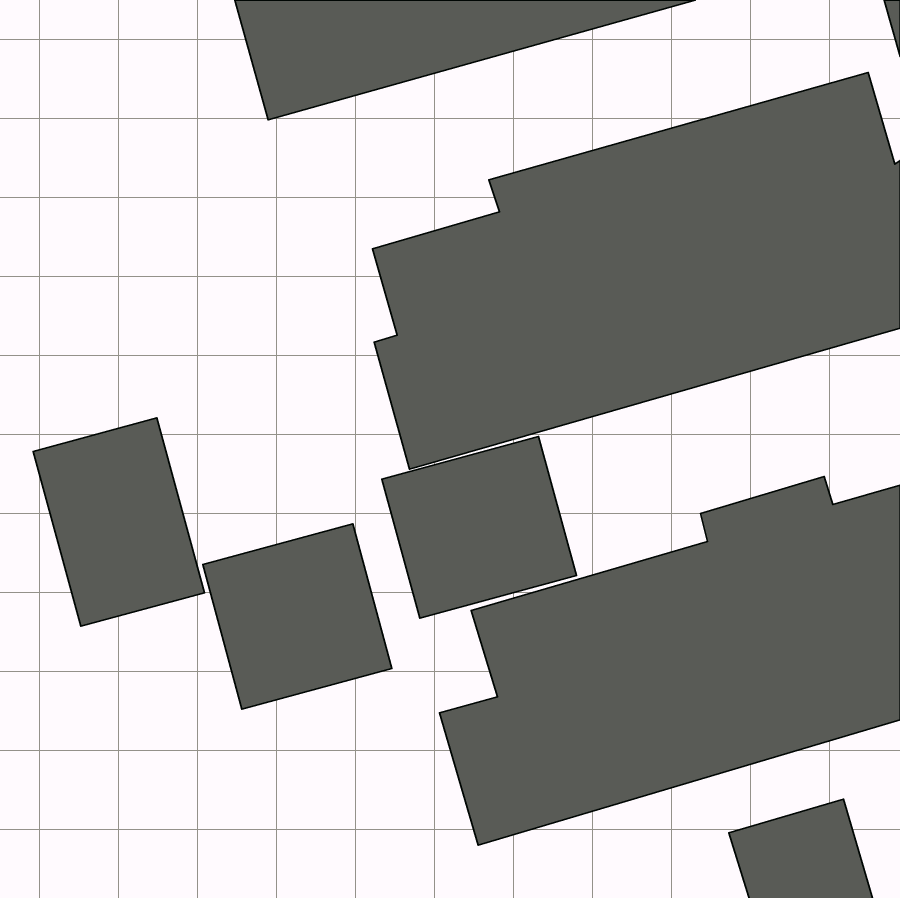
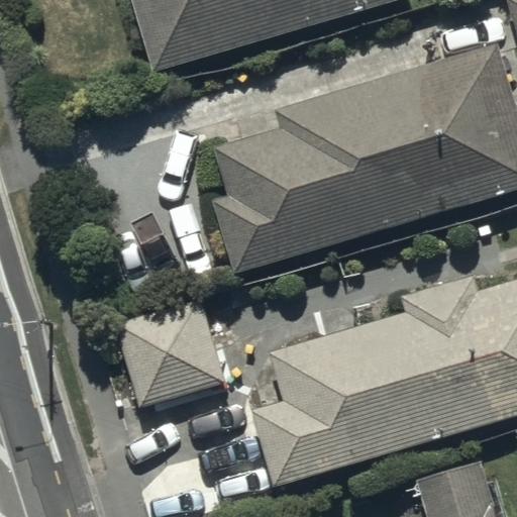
building: [33,418,205,626] -> none
building: [382,437,577,618] -> none

